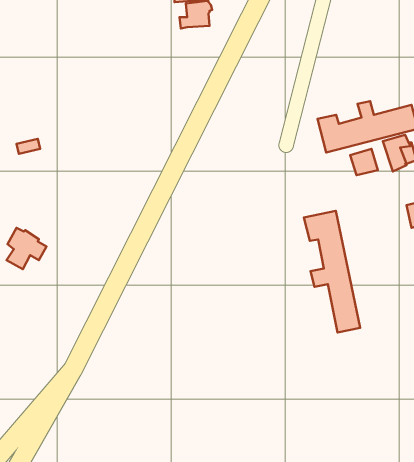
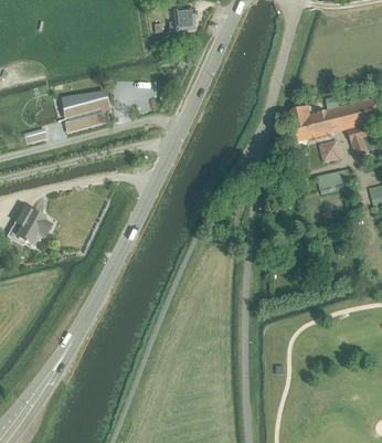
building: none -> [63,91,108,129]
building: none -> [316,169,344,193]
building: [304,211,360,332] -> none

